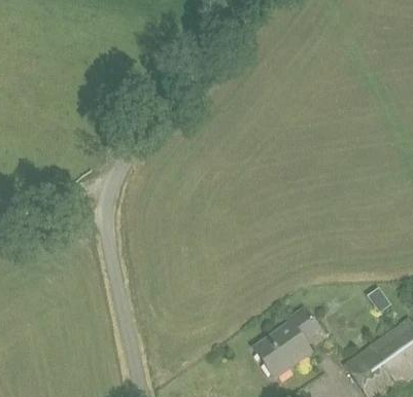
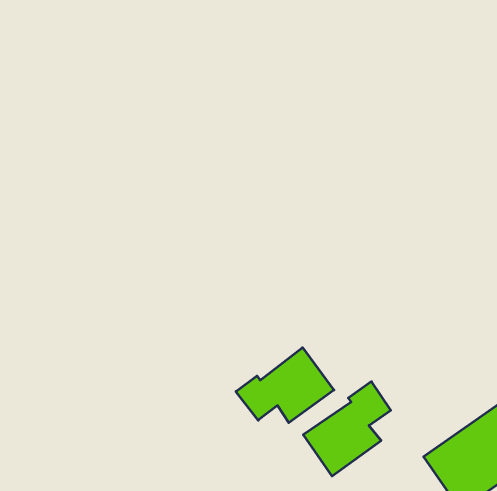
building: none -> [236,348,334,423]

